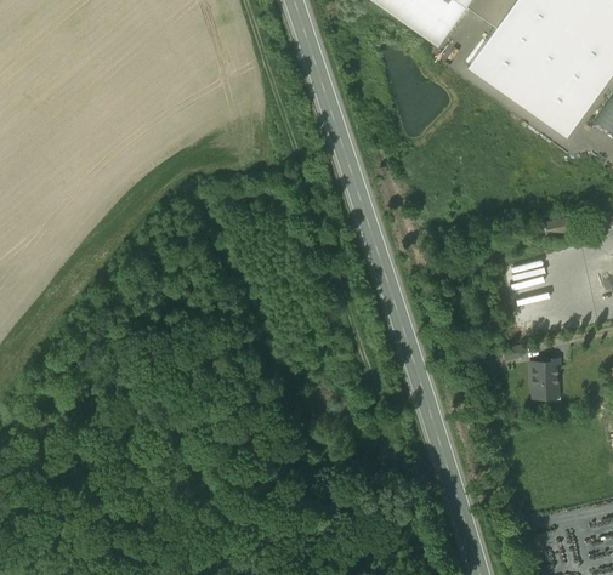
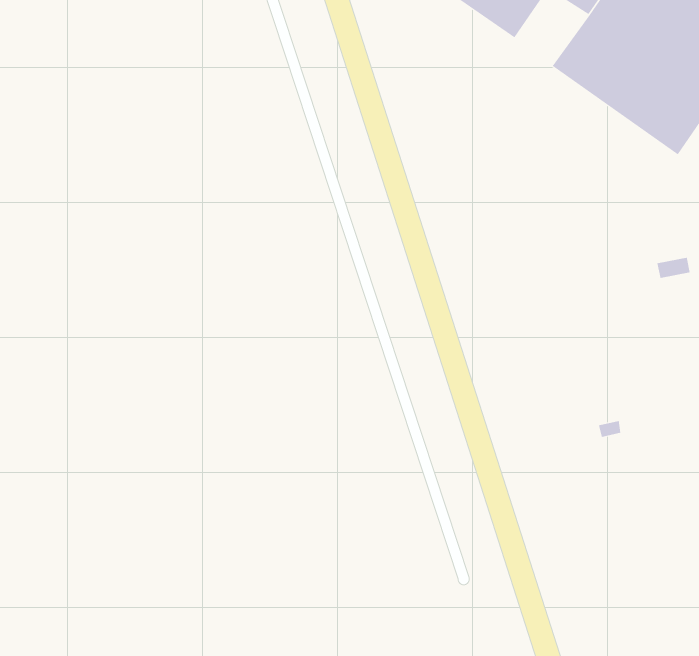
building: [530,357,561,395] -> none

